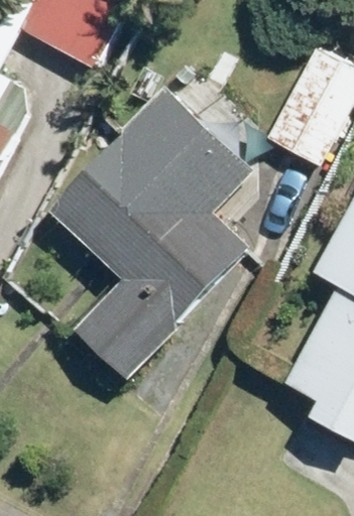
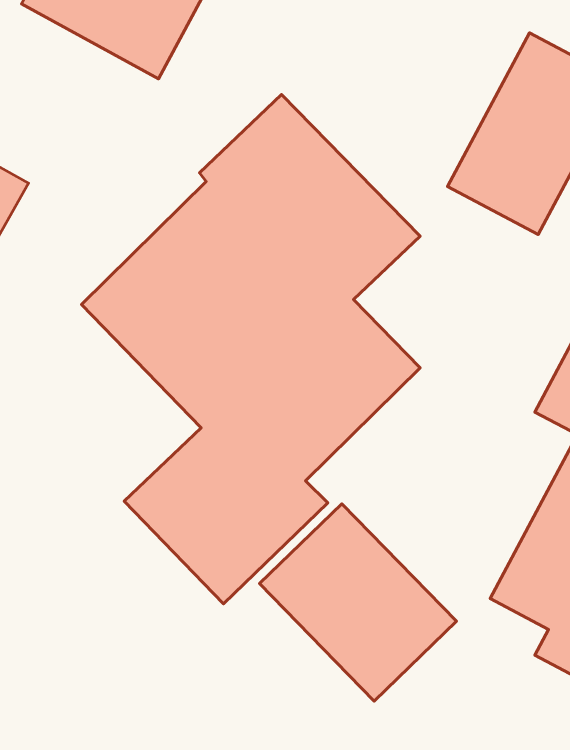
building: none -> [259,504,457,701]

